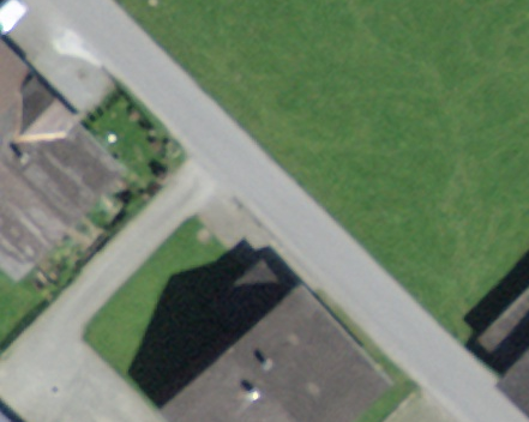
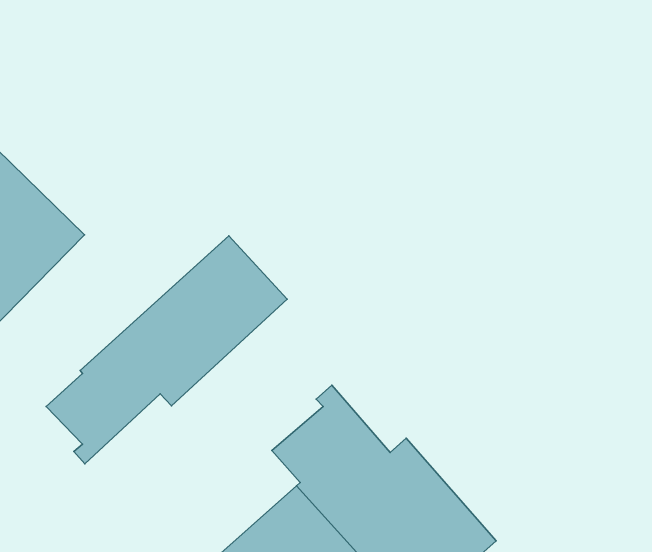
building: none -> [46,236,287,464]

